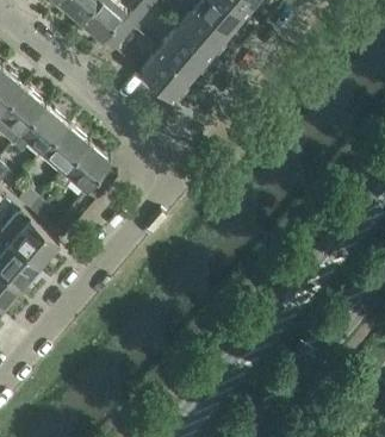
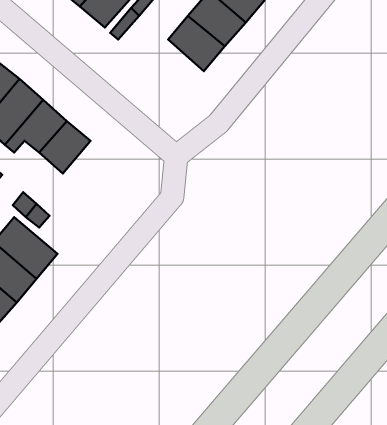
building: [139,50,191,100] -> none
building: [56,142,117,200] -> none

